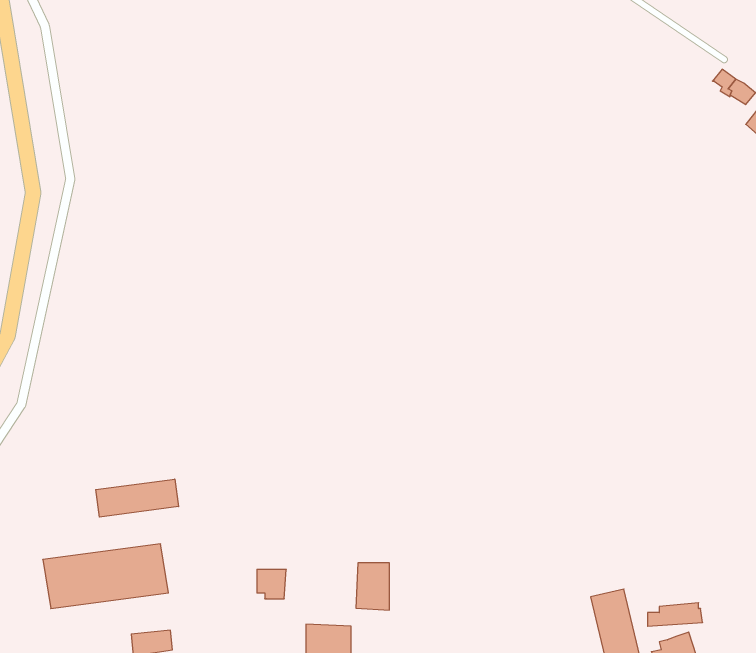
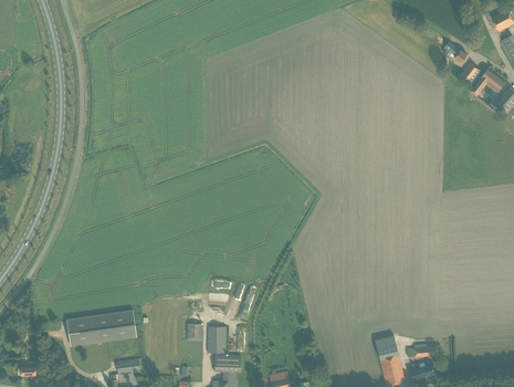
building: [96,479,179,517] -> none
building: [356,563,389,610] -> [207,326,225,353]

